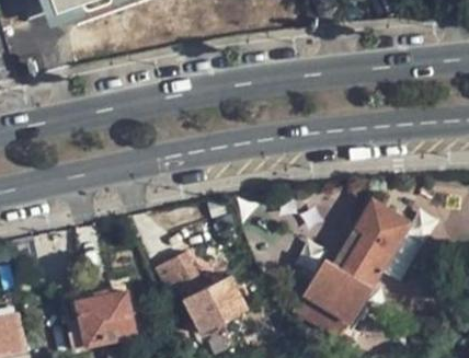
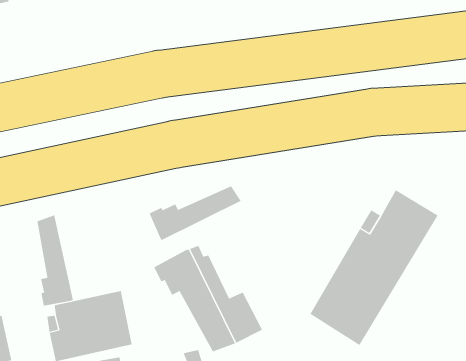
building: none -> [149,185,241,241]
building: none -> [37,215,73,306]

